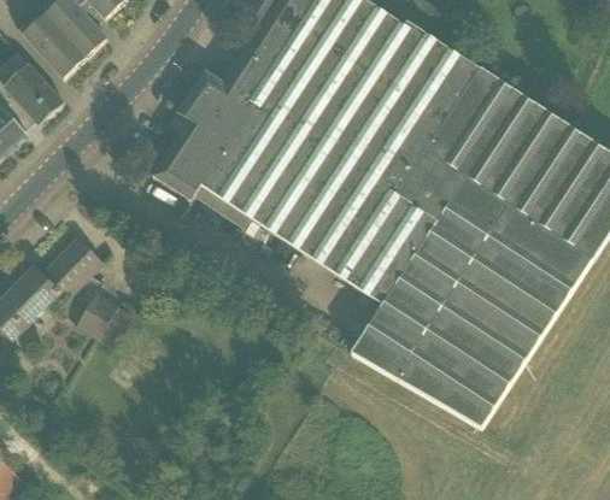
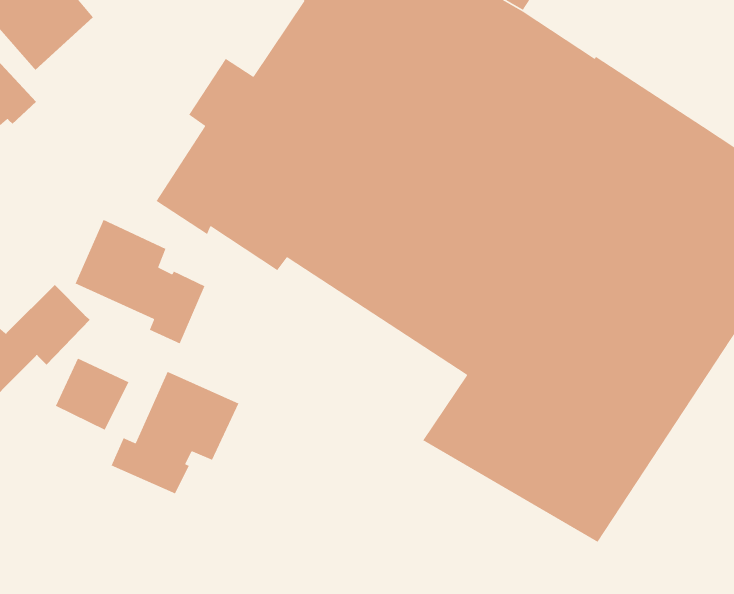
building: none -> [75,219,205,344]
building: none -> [110,371,240,495]

